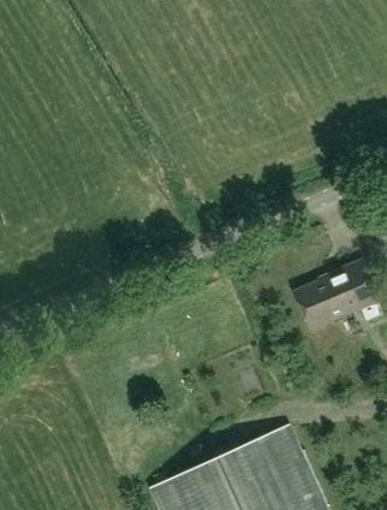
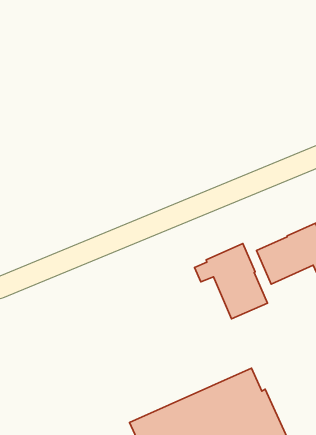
building: none -> [194,243,267,319]

